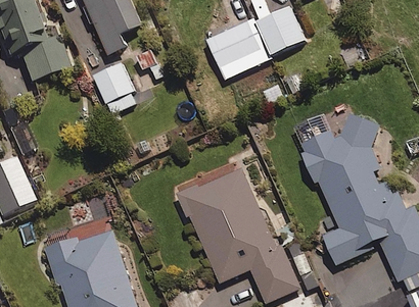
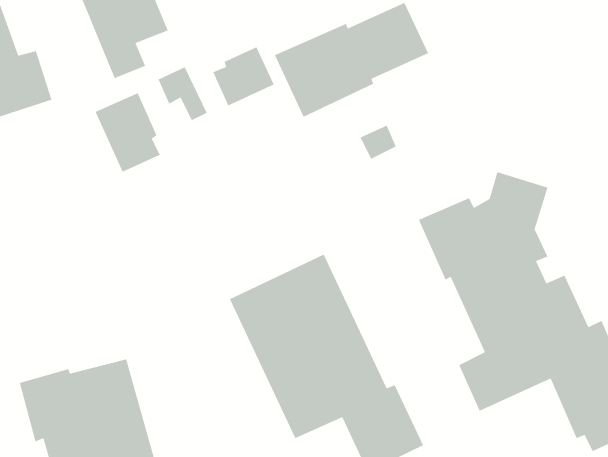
building: none -> [212,46,275,106]

